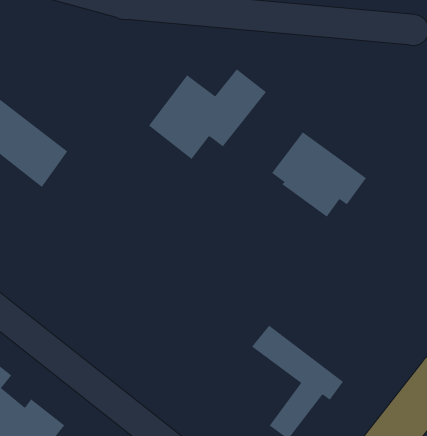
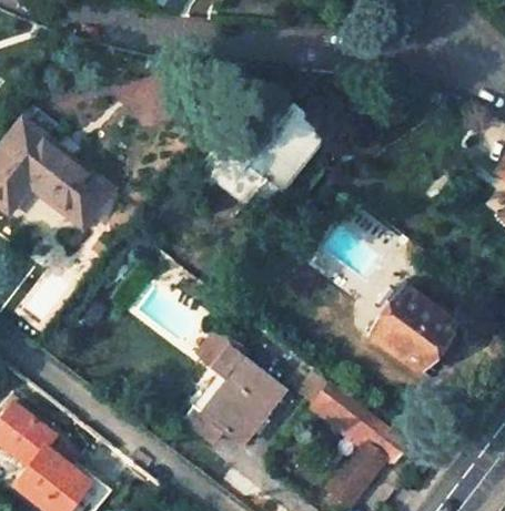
building: [271,131,367,218] -> [357,282,459,374]
building: none -> [185,333,282,442]

